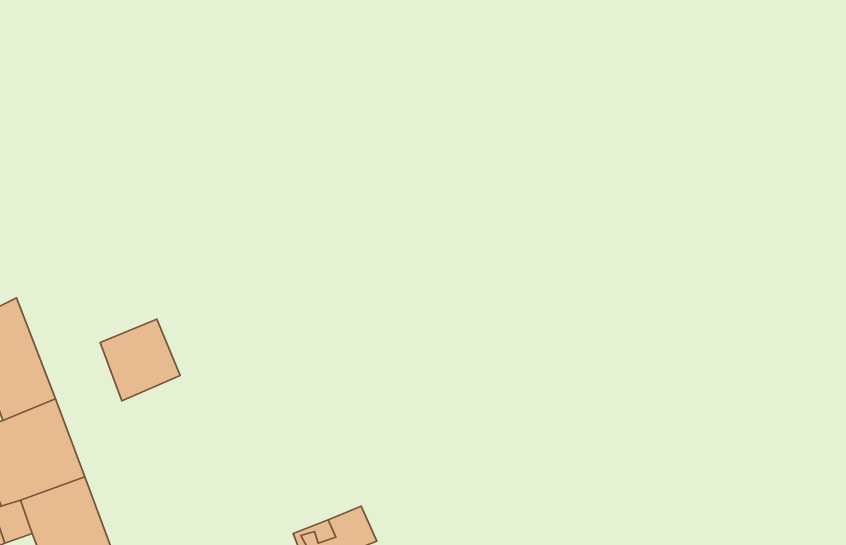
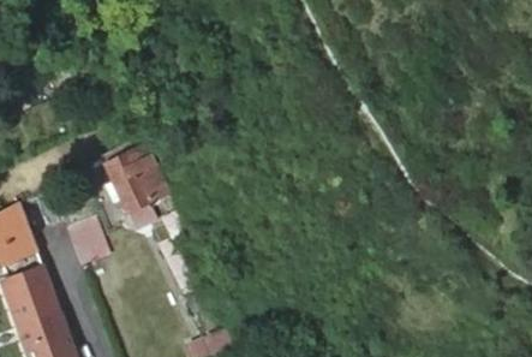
building: none -> [104,144,168,231]

